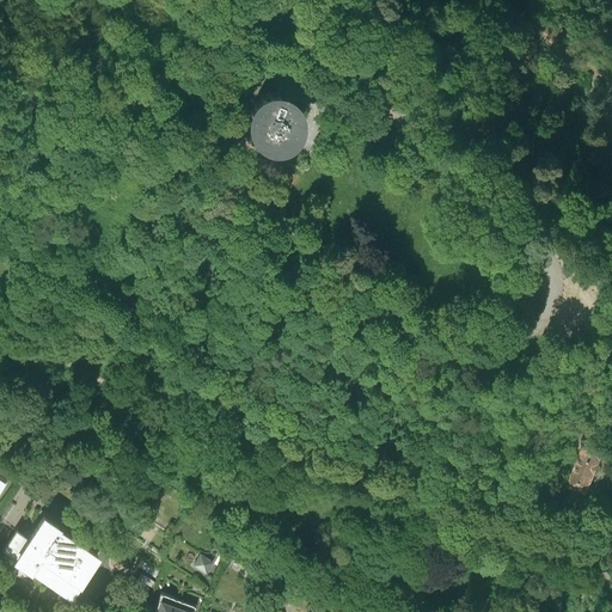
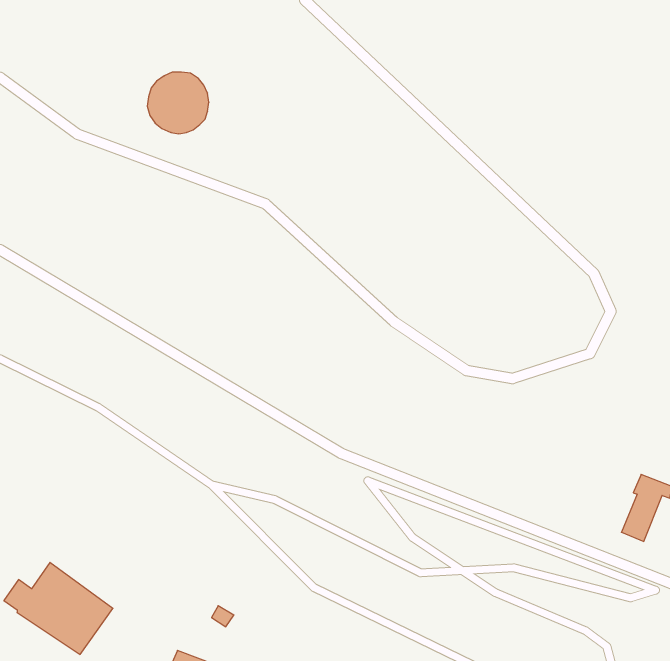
building: [245,96,301,152] -> [147,72,209,134]

